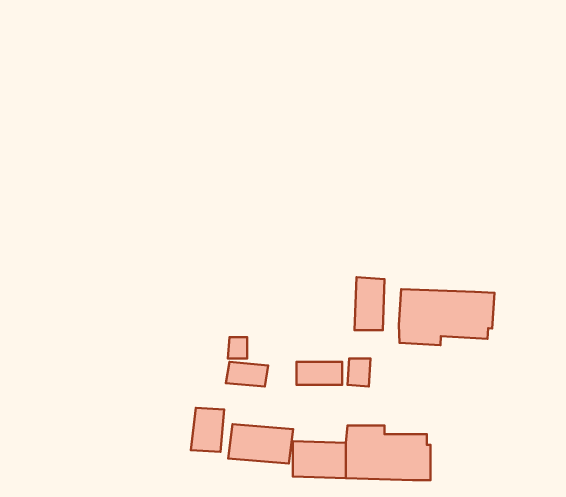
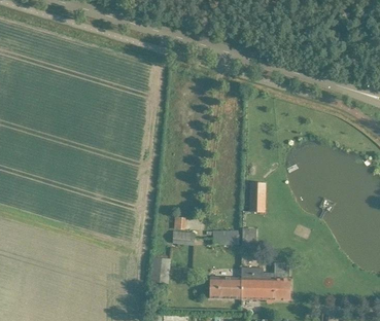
building: [399,289,494,345] -> none
building: [228,424,293,464] -> none

